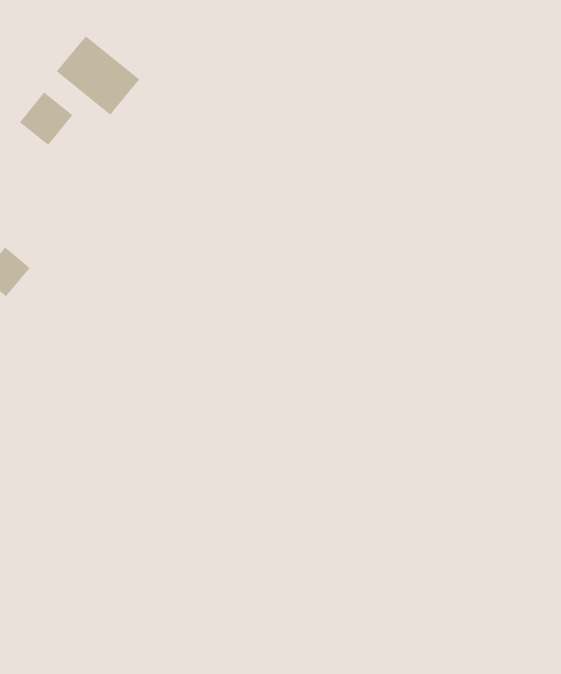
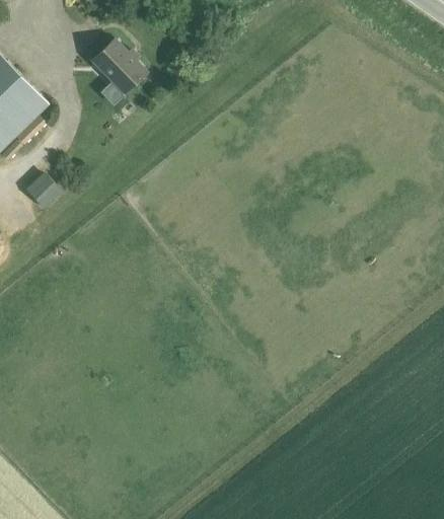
building: [19,92,73,146] -> none

